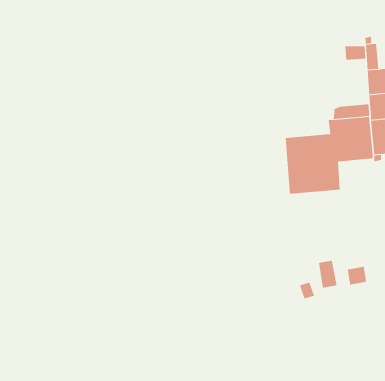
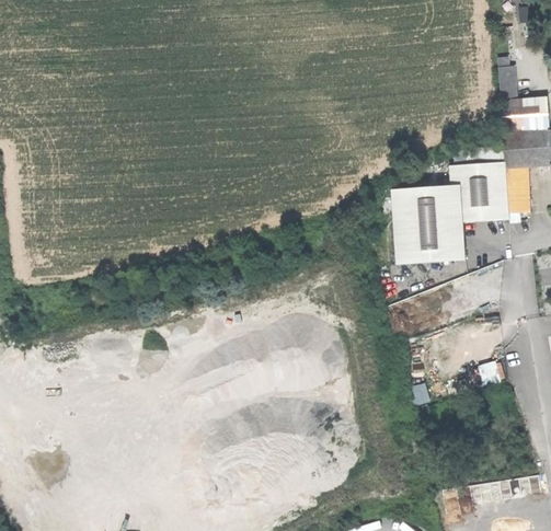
building: [345,46,366,61] -> none
building: [318,260,337,288] -> none

